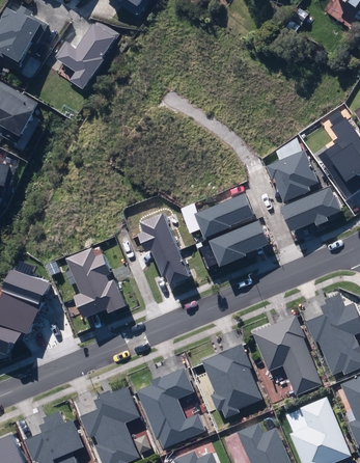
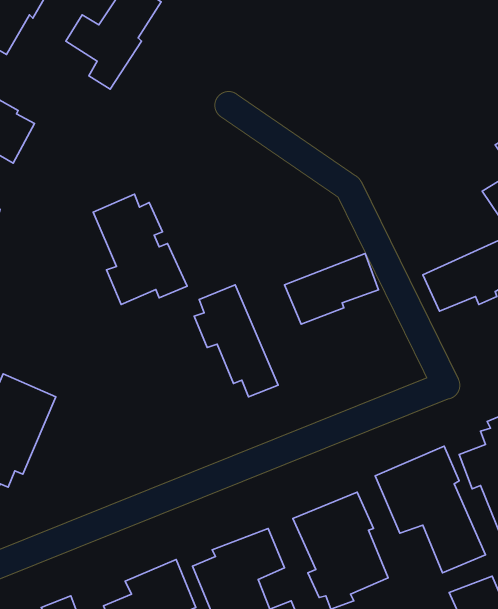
building: [264,154,314,202] -> none
building: [210,220,269,267] -> none
building: [68,247,128,317] -> [93,194,187,304]

